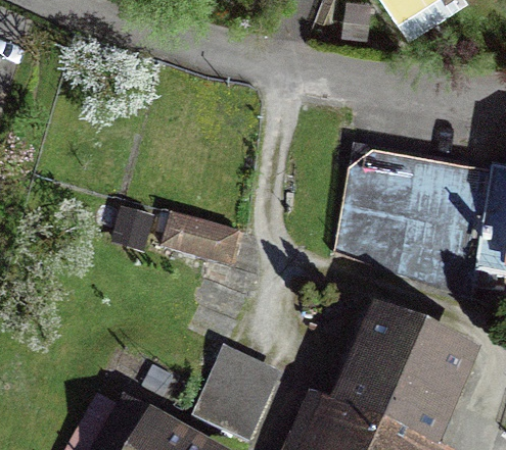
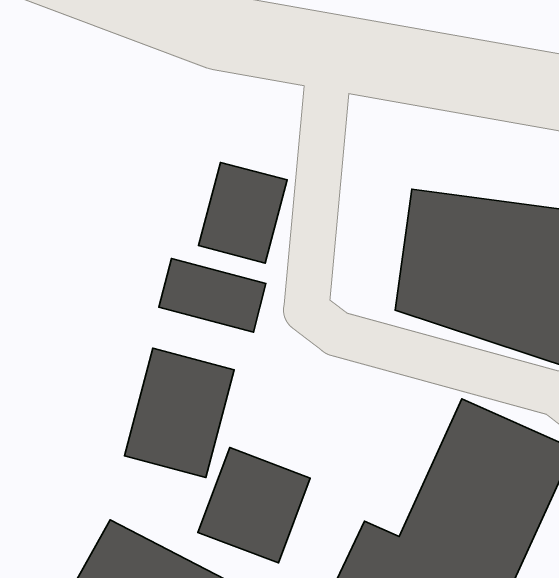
building: none -> [198,162,287,263]
building: none -> [125,348,234,478]

